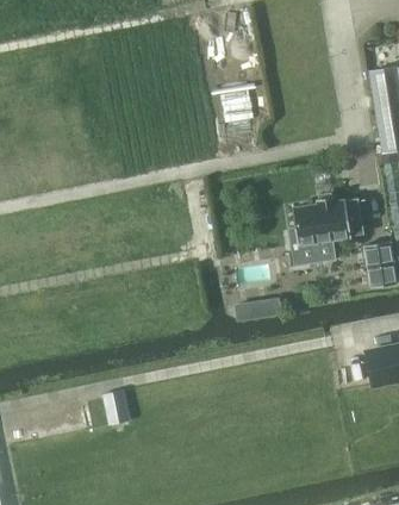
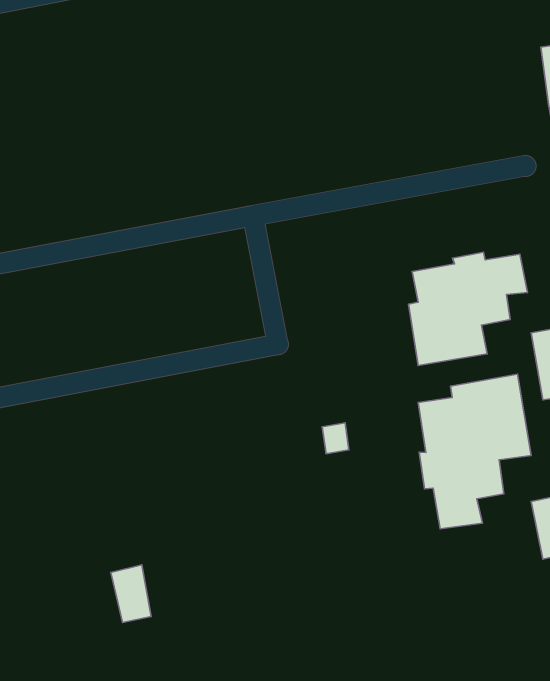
building: none -> [418,374,531,529]

